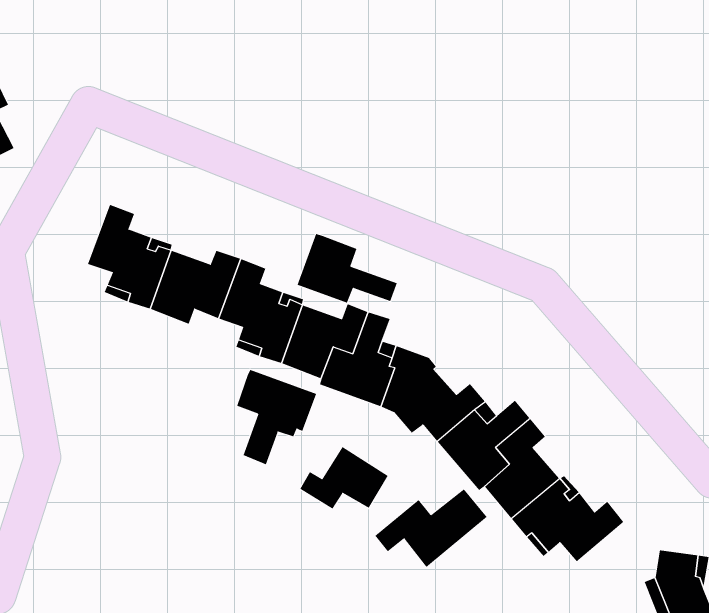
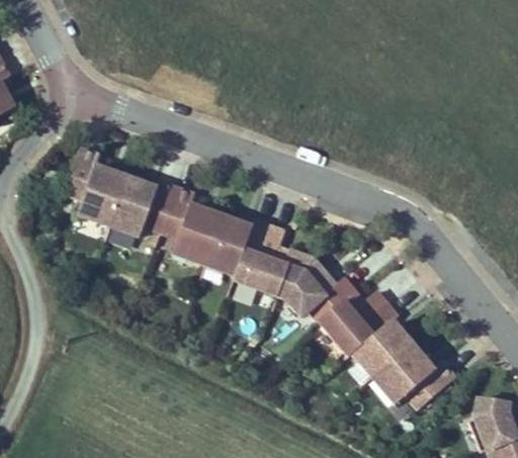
building: [297,233,397,303] -> none
building: [237,369,317,465] -> none
building: [300,446,388,510] -> none
building: [374,488,488,568] -> none

